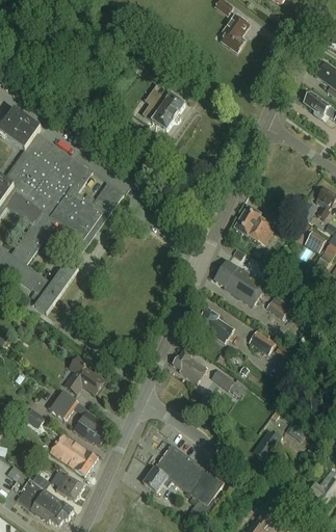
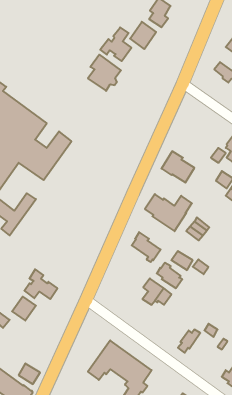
building: none -> [130,22,156,49]
building: none -> [100,27,131,61]
building: [174,350,206,382] -> [157,263,182,288]
building: [72,410,111,445] -> none
building: [51,433,97,476] -> none

